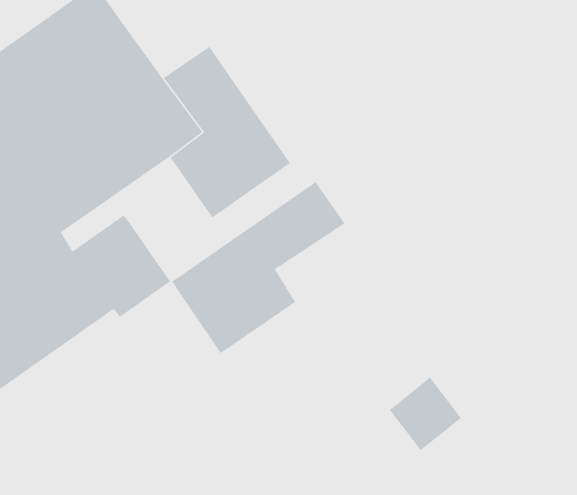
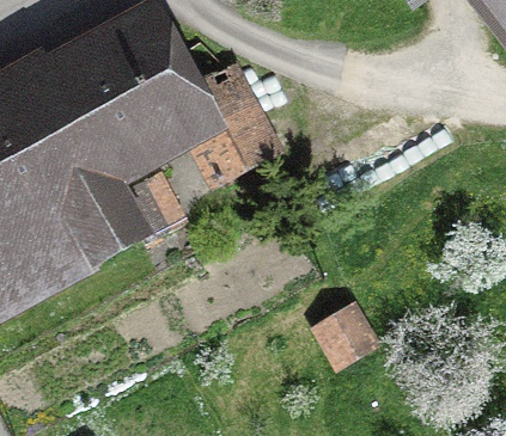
building: [171,181,345,354] -> none

